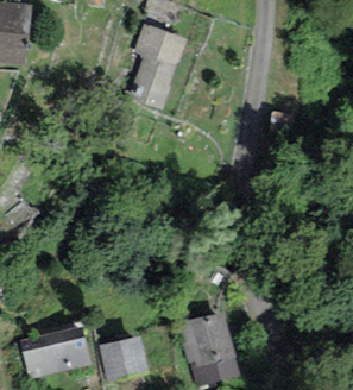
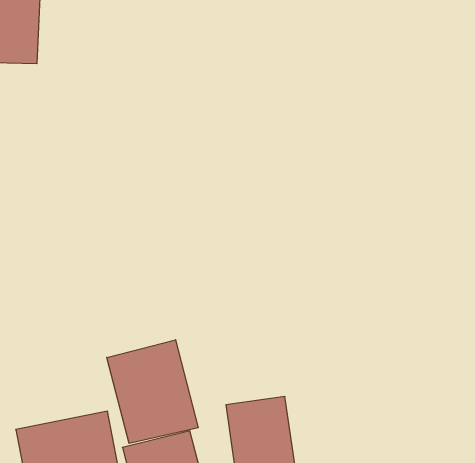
building: [118,24,188,111] -> none
building: none -> [107,340,198,443]

